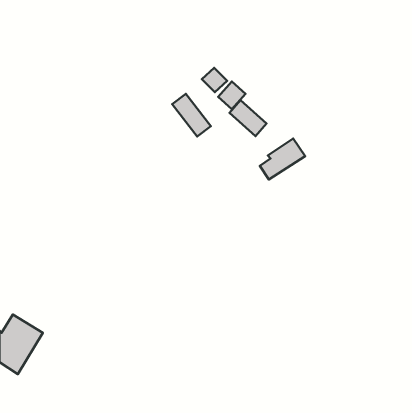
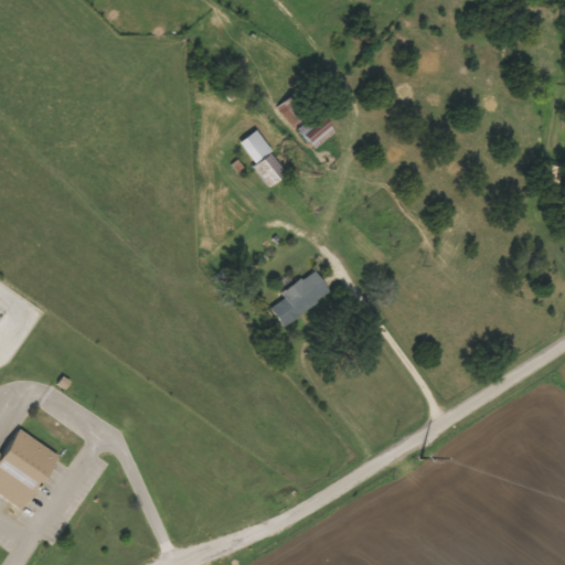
building: [229,100,267,136] -> none
building: [260,138,305,180] -> [270,269,332,326]

